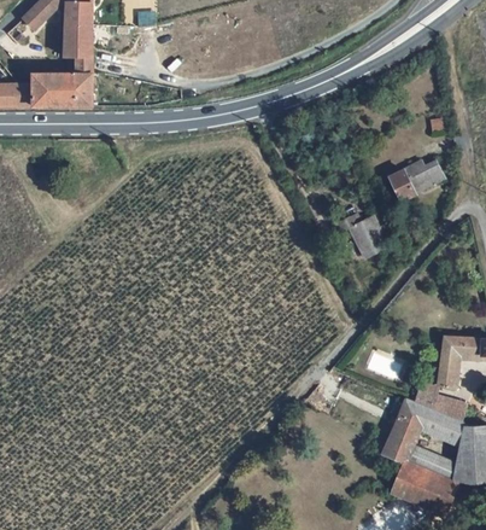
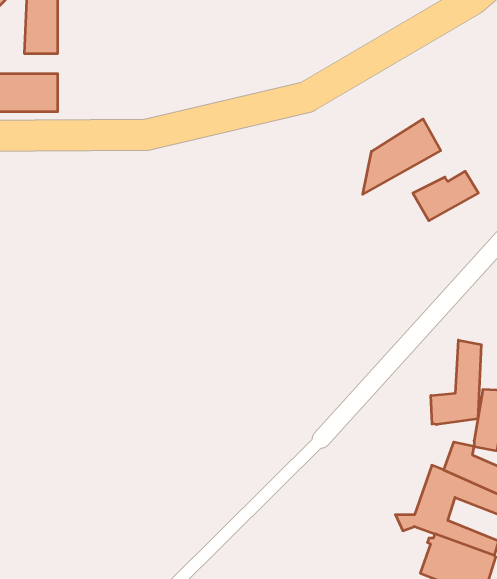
building: none -> [363,119,441,194]
building: [333,215,386,260] -> none
building: none -> [431,340,481,425]

